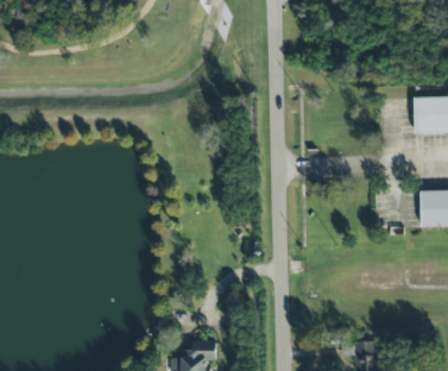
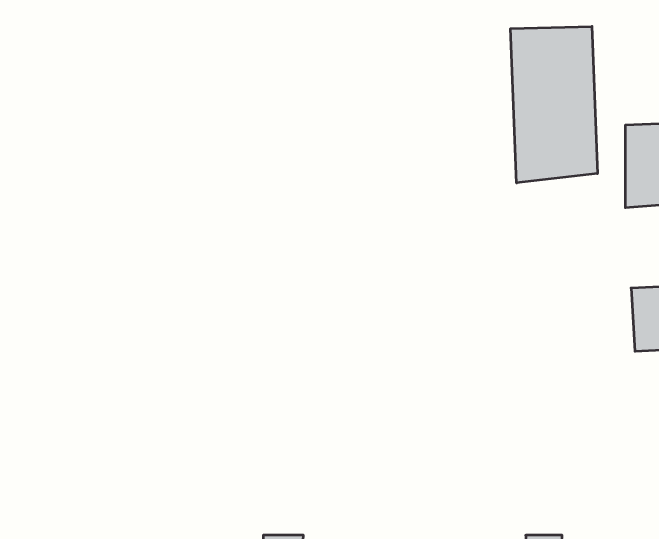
building: none -> [511,26,597,183]

